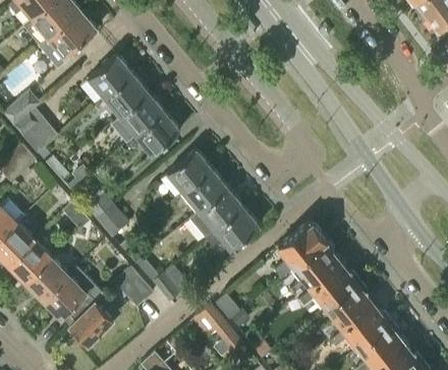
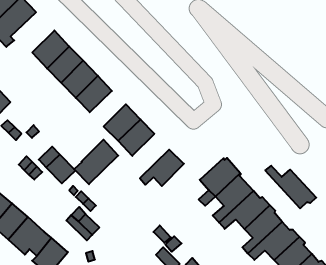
building: [189,187,243,239] -> [74,140,118,184]
building: none -> [265,166,316,208]
building: [153,266,189,302] -> none

